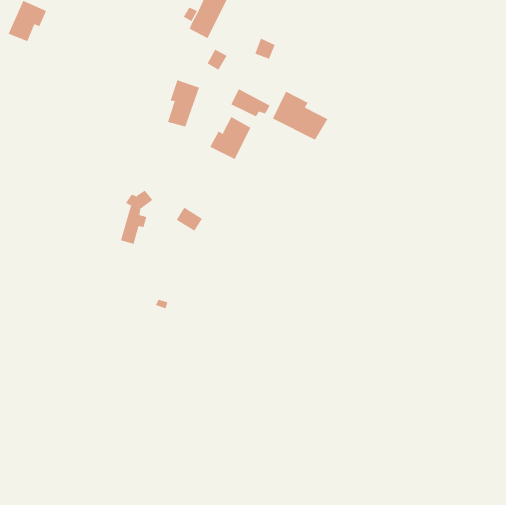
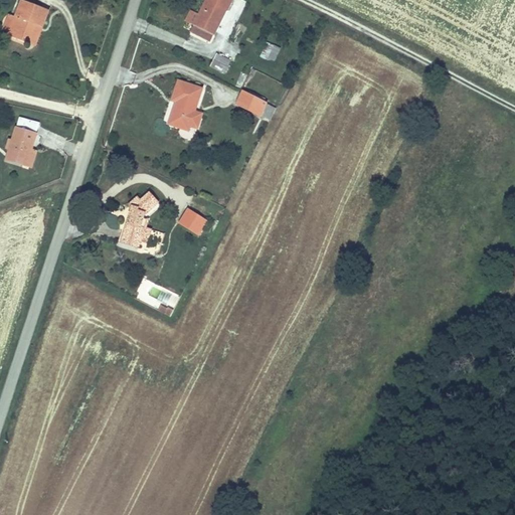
building: [272,91,328,140] -> none
building: [210,116,251,160] -> none
building: none -> [5,119,39,166]

